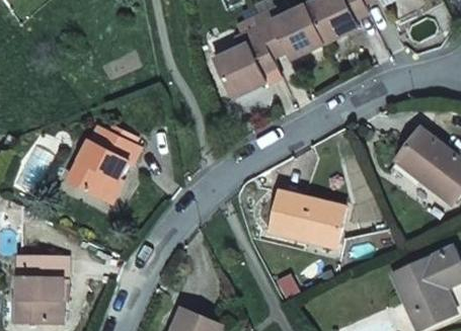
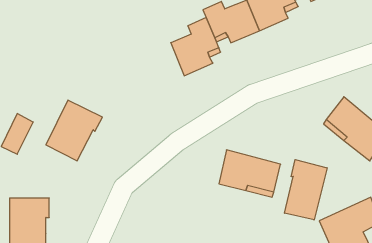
building: none -> [285,160,327,220]

